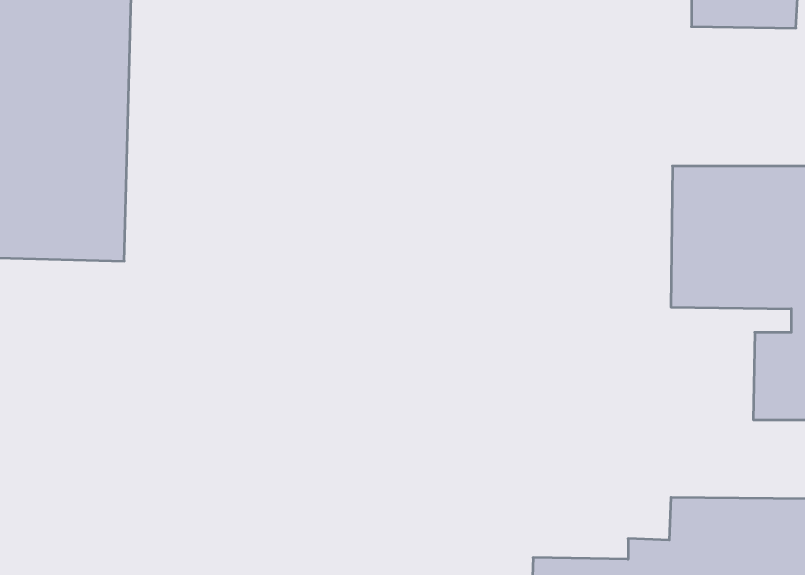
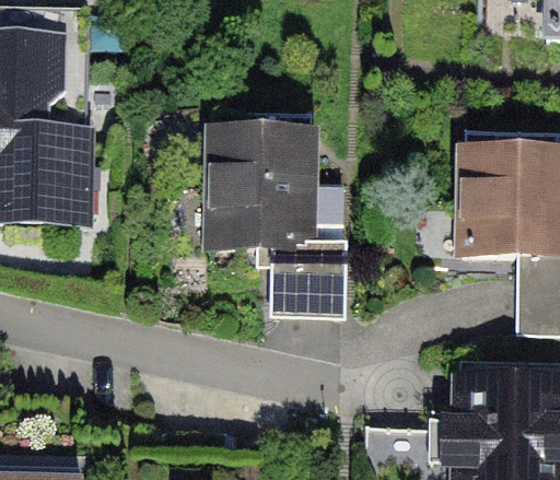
building: none -> [213,137,343,315]

